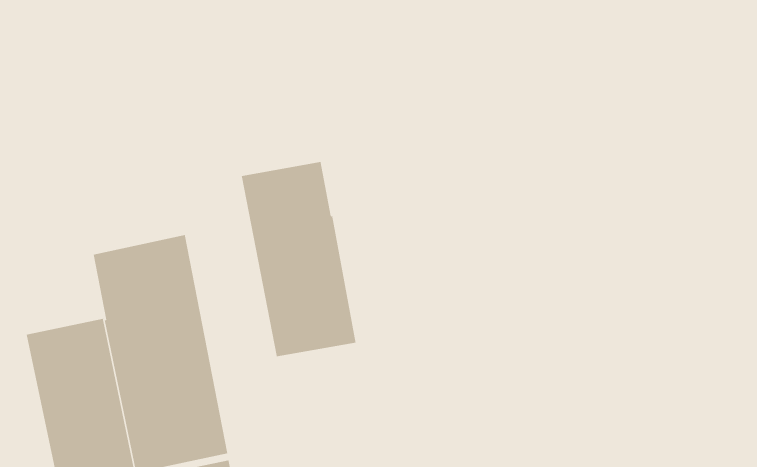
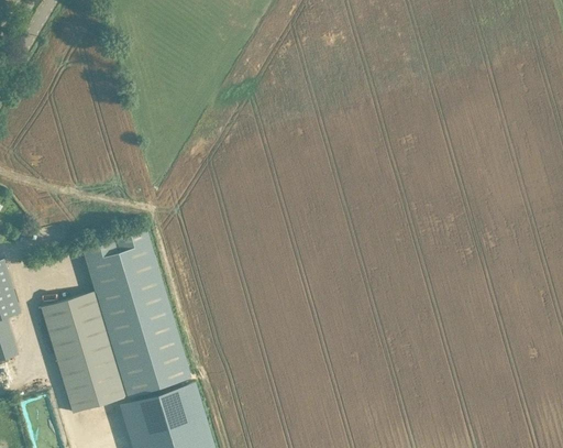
building: [241,161,356,357] -> none

